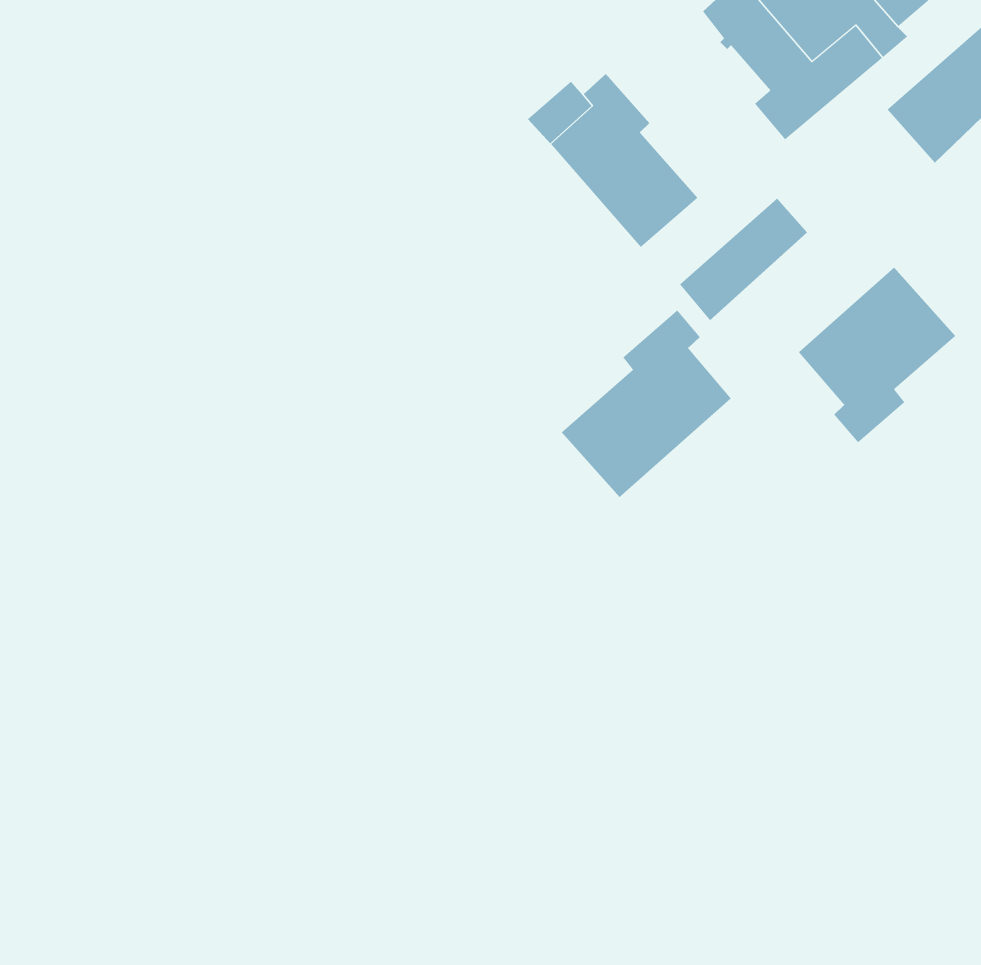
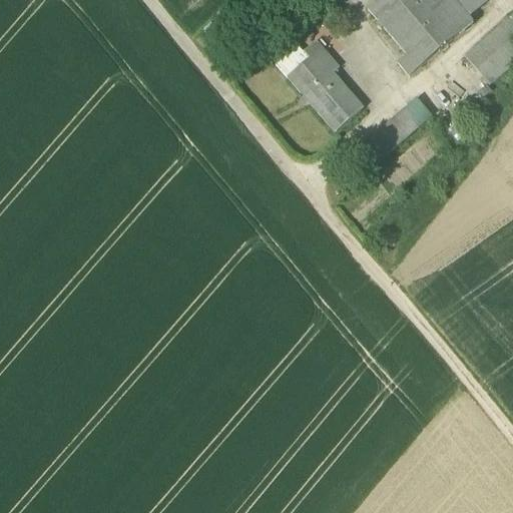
building: [798,267,956,443] -> none
building: [561,309,732,498] -> none

